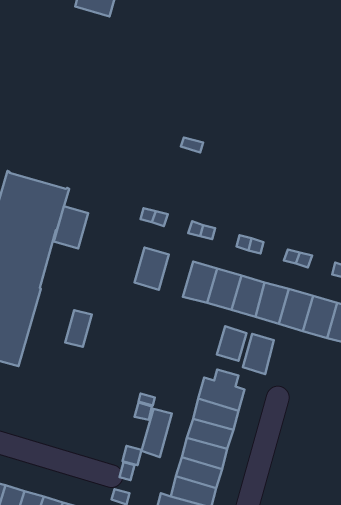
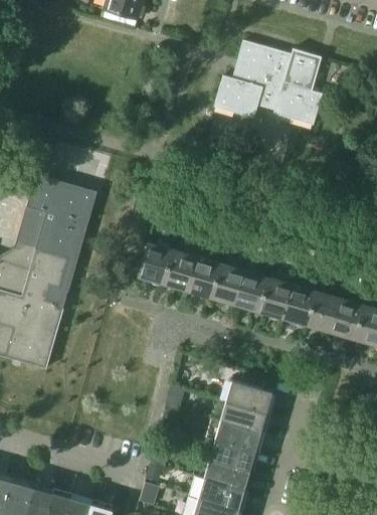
building: none -> [214,40,322,125]
building: [54,206,88,249] -> [138,242,172,285]
building: none -> [186,256,220,299]
building: [65,310,92,347] -> none
building: [217,326,246,361] -> none
building: [243,334,274,374] -> none
building: [141,409,172,457] -> none

